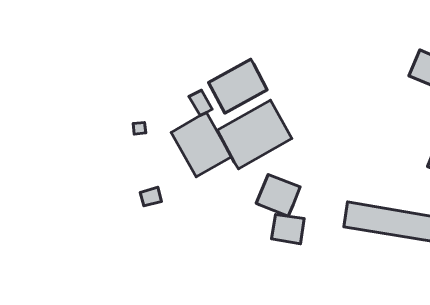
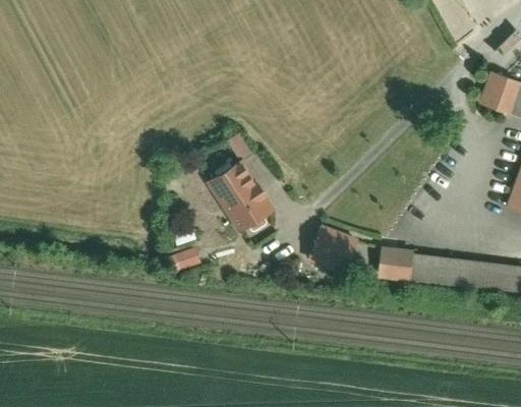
building: [208,59,267,113] -> none
building: [217,100,292,169] -> none
building: [272,214,304,244] -> [379,249,415,282]

